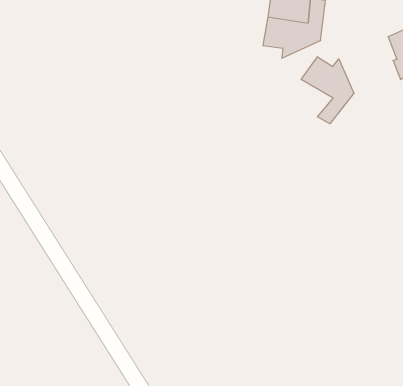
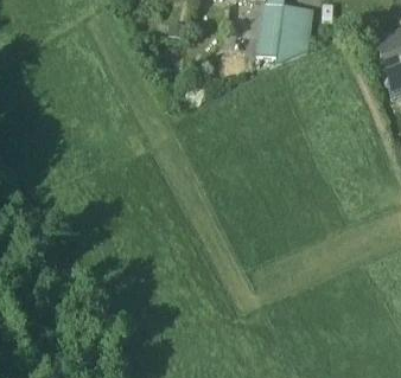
building: [301,57,354,124] -> none

